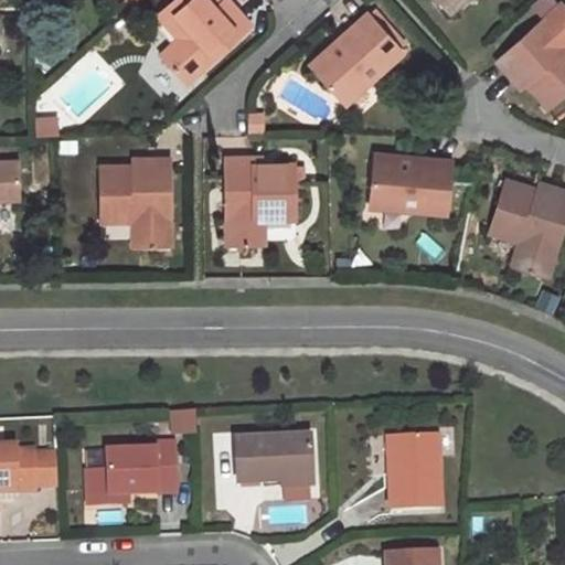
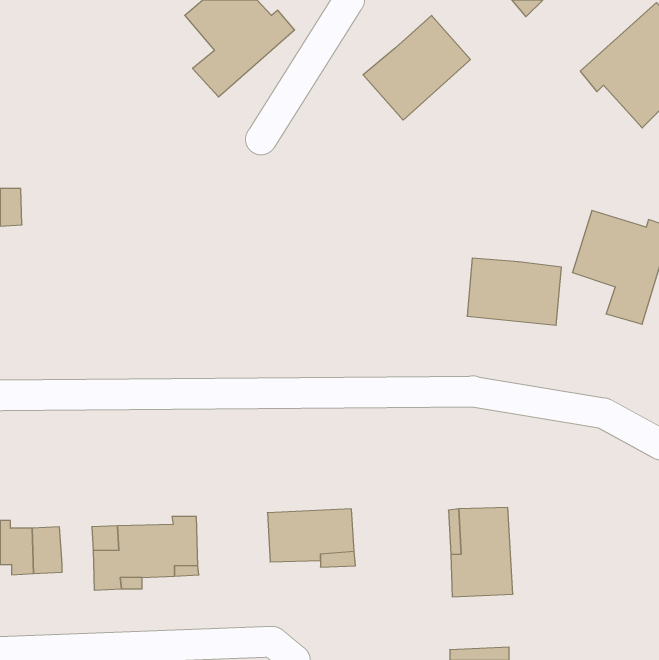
building: [371,156,451,213] -> [467,258,561,325]
building: [100,157,172,245] -> none
building: [226,157,297,244] -> none

